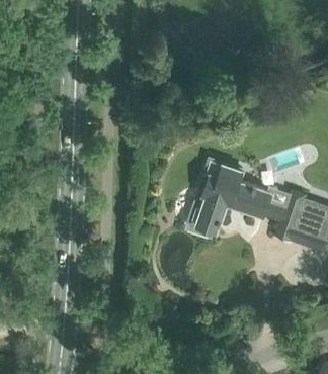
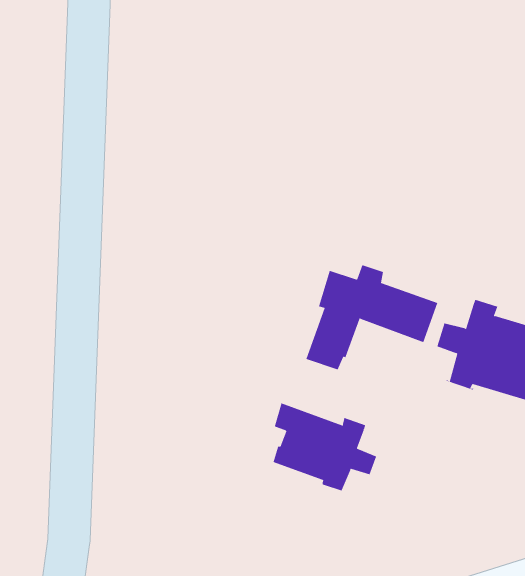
building: none -> [273,403,377,493]

